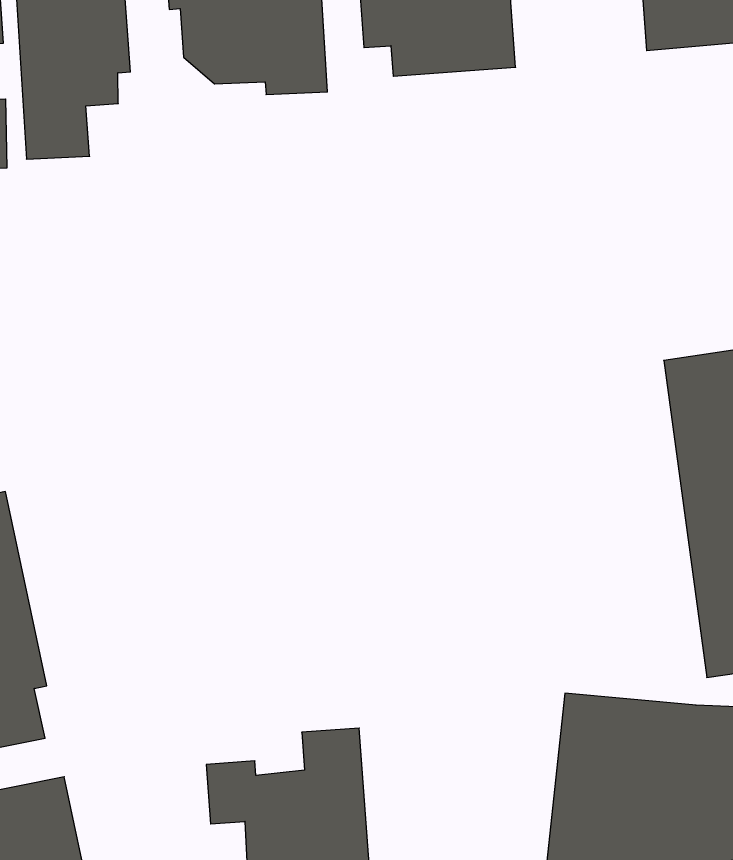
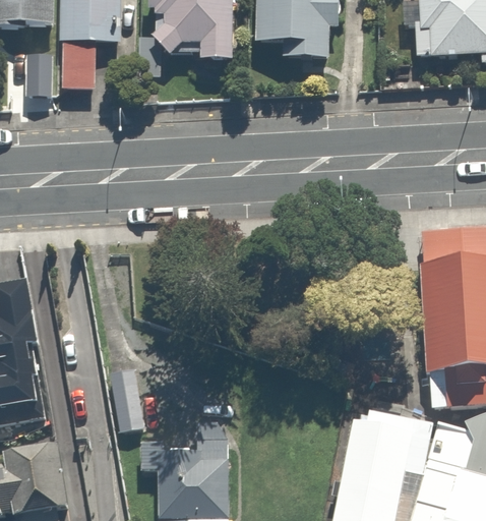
building: none -> [109,363,144,426]

